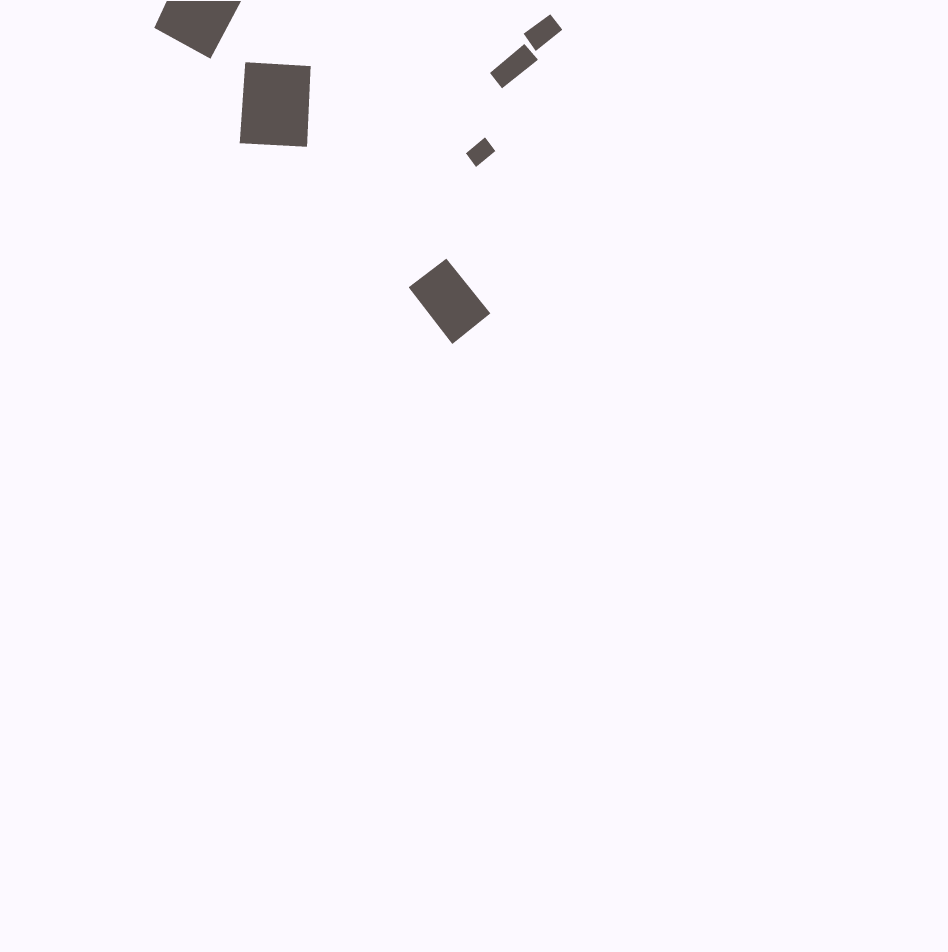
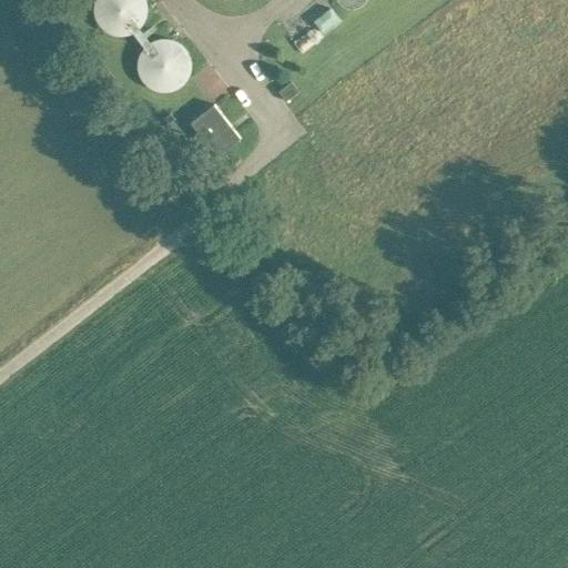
building: [407,257,491,345] -> [187,104,237,156]

